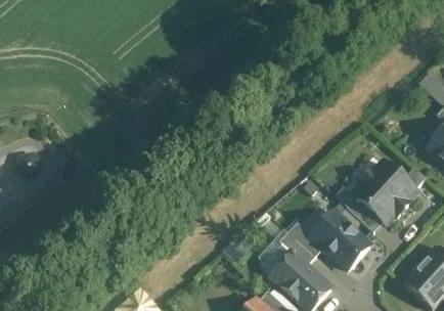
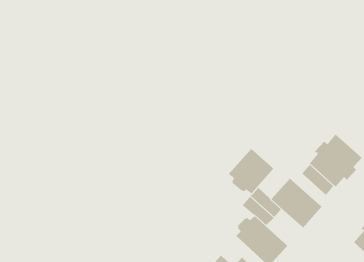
building: none -> [228,148,274,195]

